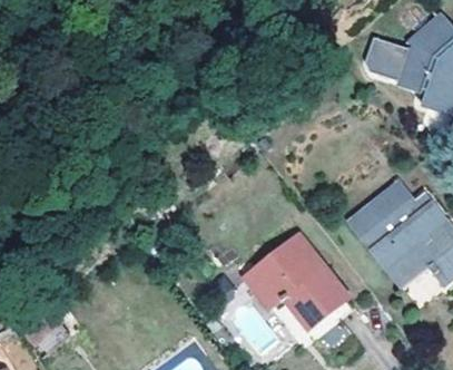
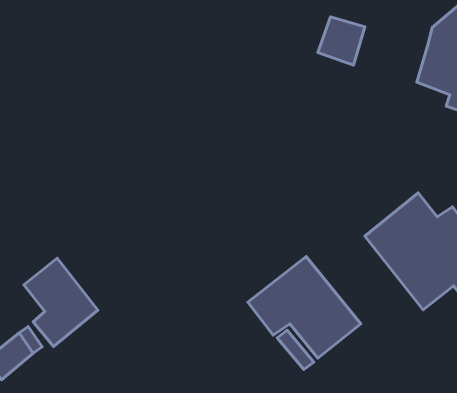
building: [365,41,406,84] -> [318,17,365,65]
building: none -> [24,258,98,346]

